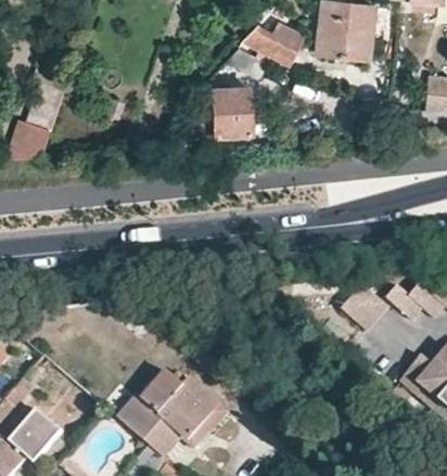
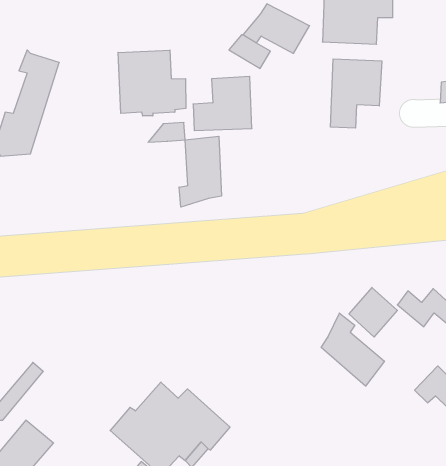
building: none -> [118,50,186,116]
building: none -> [331,59,382,128]
building: none -> [179,136,221,207]
building: none -> [321,313,384,386]

